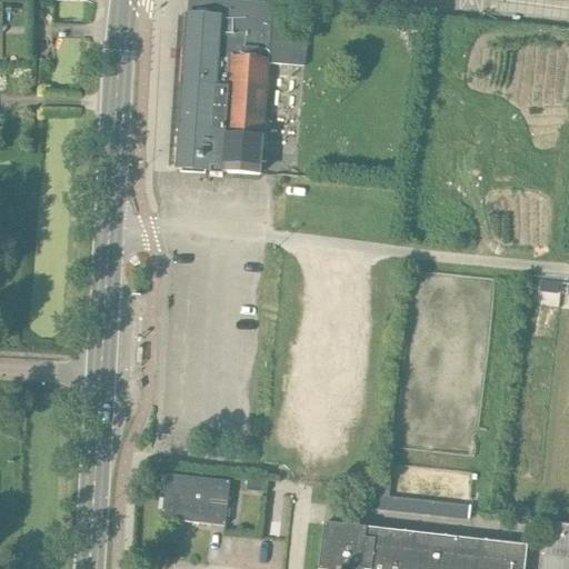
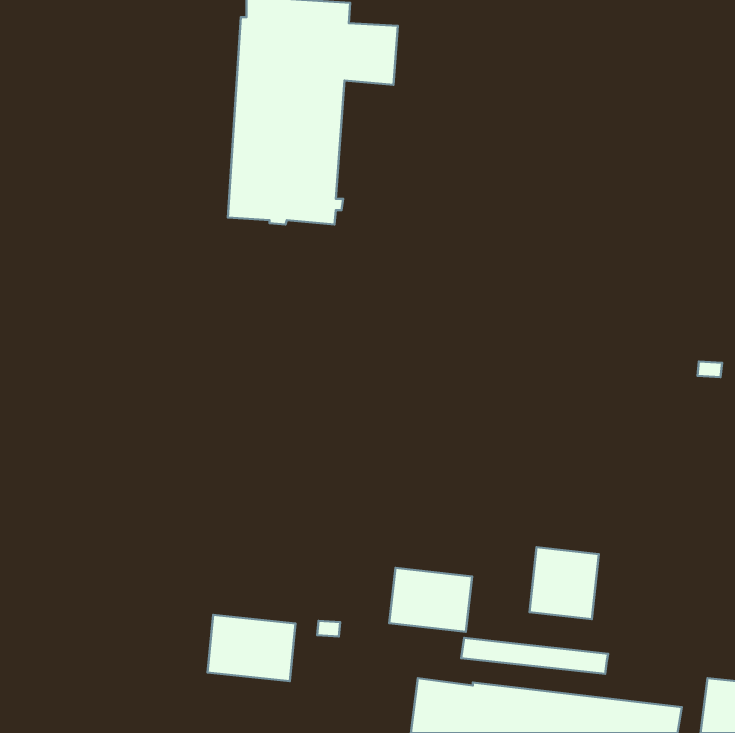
building: none -> [529,547,599,619]
building: none -> [389,568,472,632]

